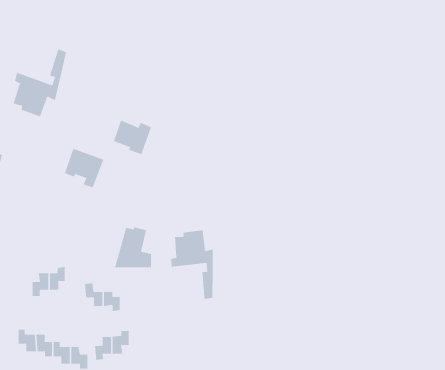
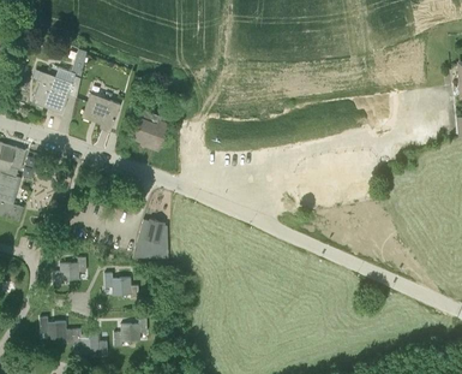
building: [64,148,104,188] -> [82,94,120,132]
building: [171,229,213,300] -> none

